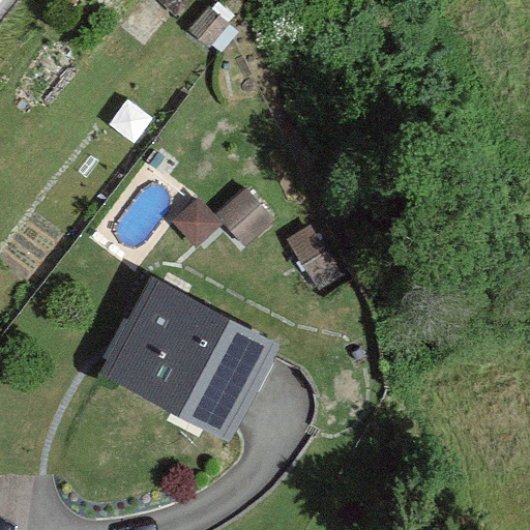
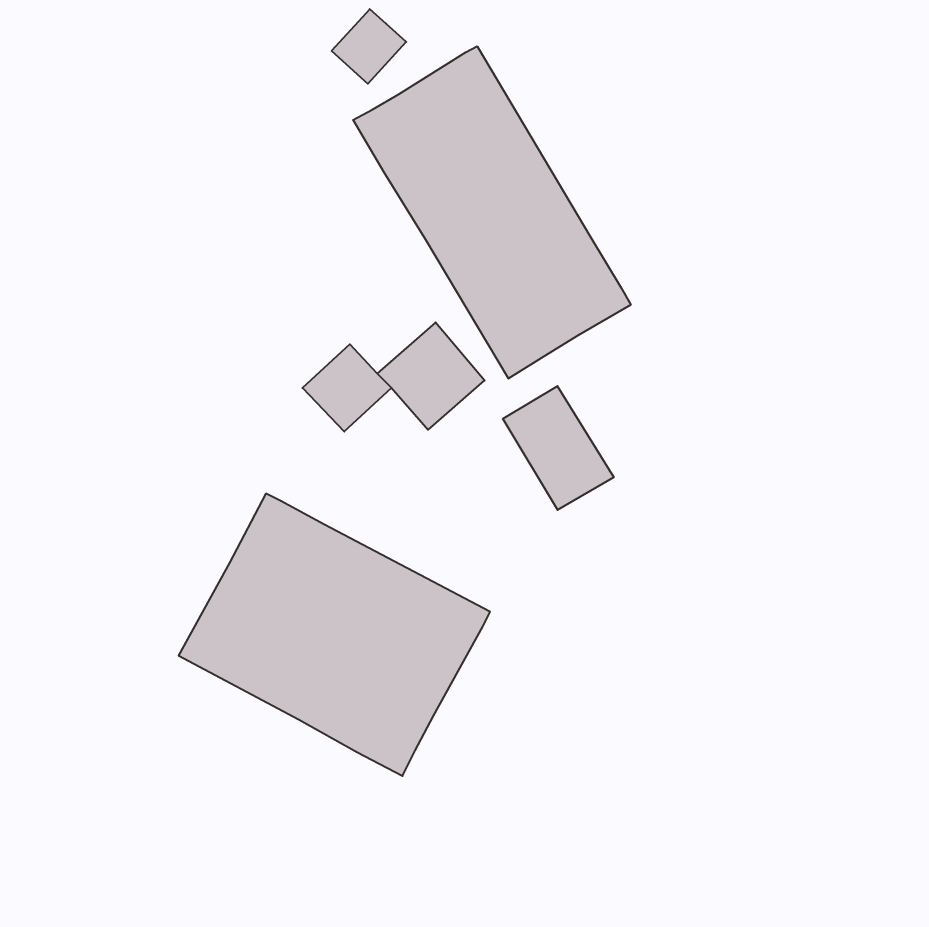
building: none -> [353,46,631,379]

